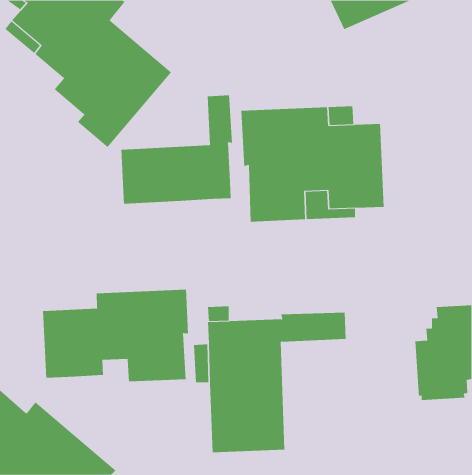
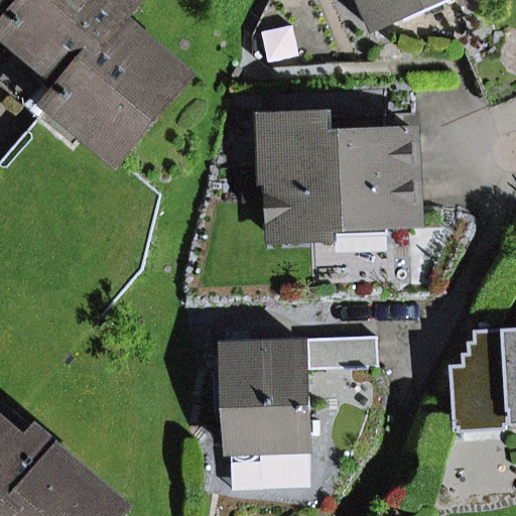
building: [121,95,232,204] -> none
building: [43,289,188,382] -> none

